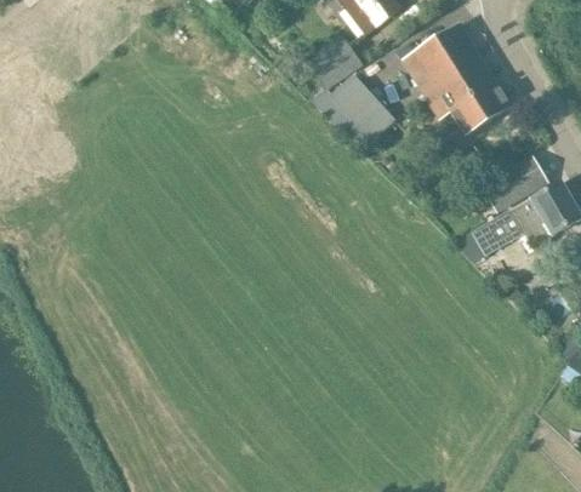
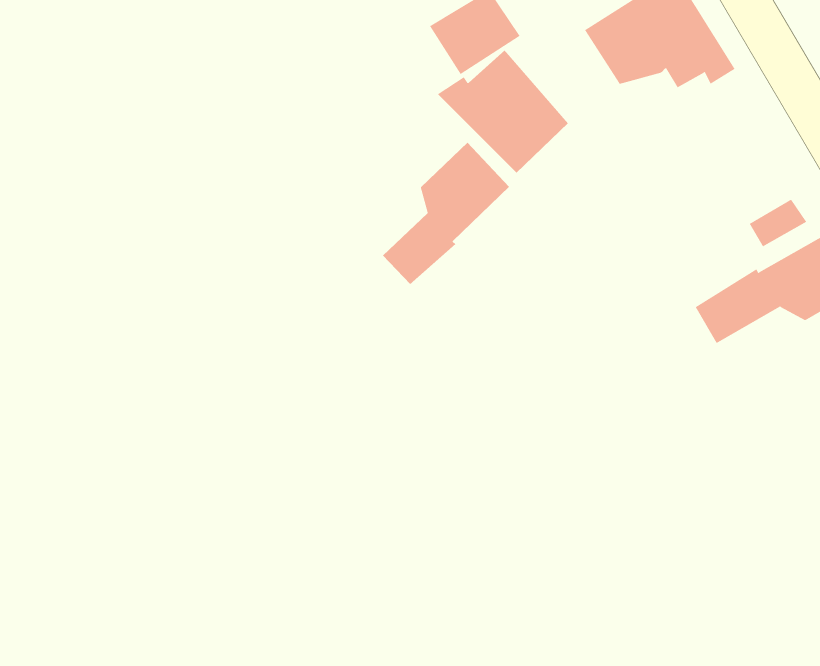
building: [418,84,511,133] -> none
building: none -> [382,142,510,285]

